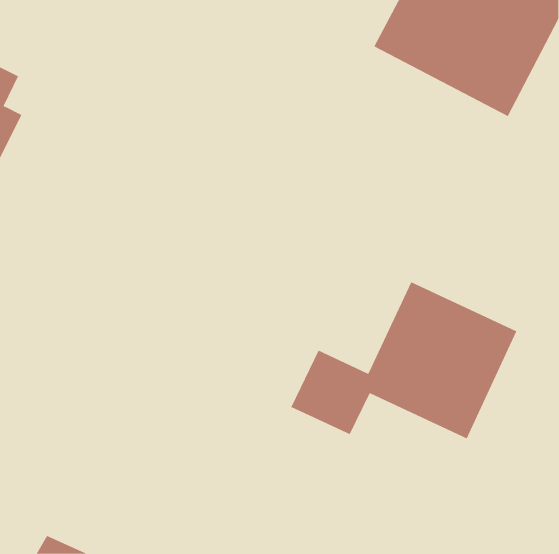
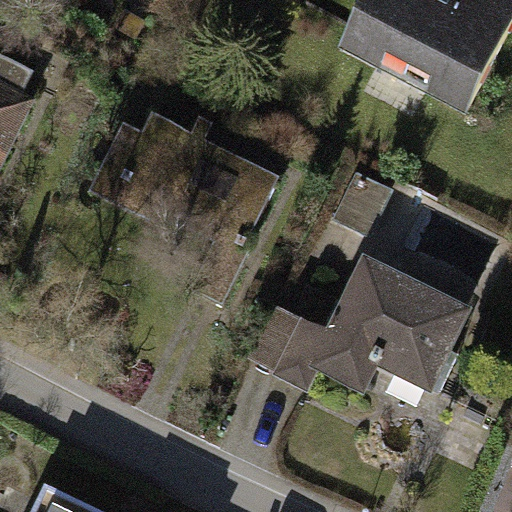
building: none -> [113,113,275,303]

